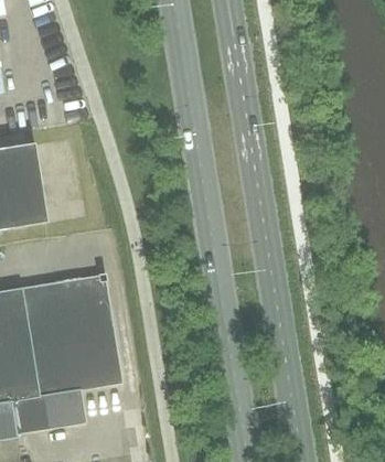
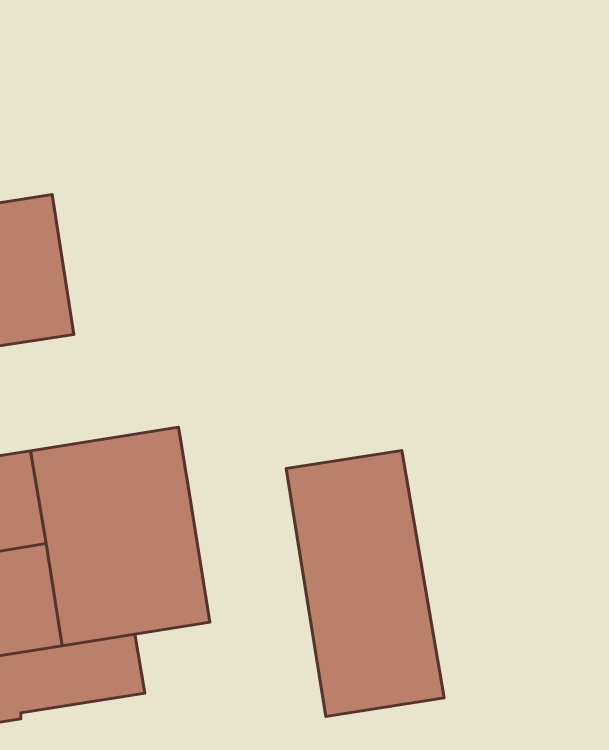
building: none -> [286,450,444,717]

